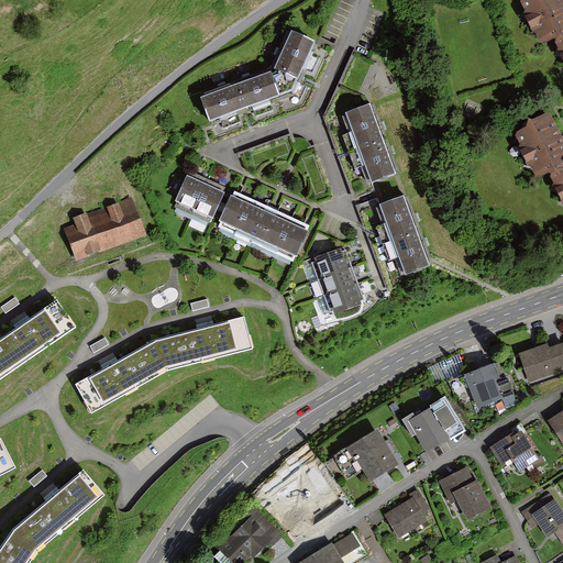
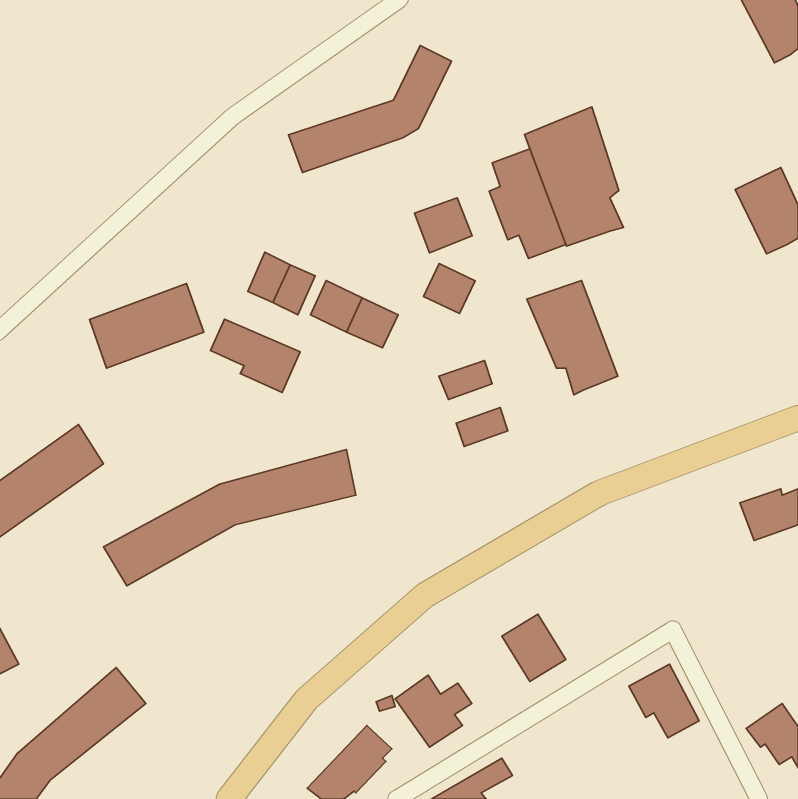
building: none -> [524,107,624,246]
building: none -> [414,198,472,253]
building: [268,221,305,256] -> [423,264,475,314]
building: none -> [210,319,300,392]
building: [314,269,351,297] -> none
building: [466,363,507,407] -> none
building: [400,399,462,451] -> none
building: [492,429,538,468] -> none
building: [385,489,428,537] -> none

